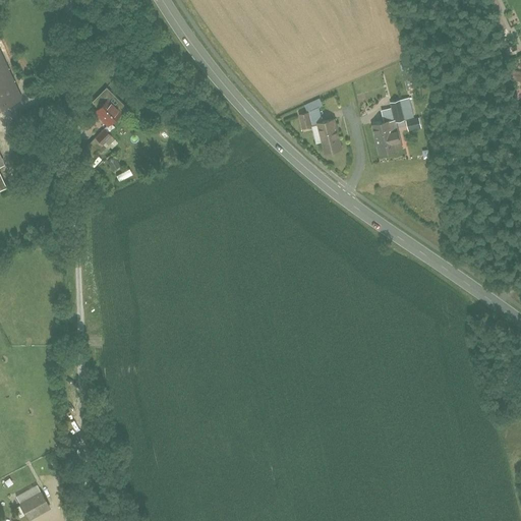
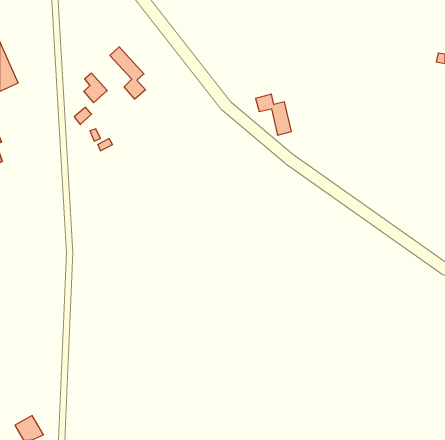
building: none -> [110,47,146,99]
building: [371,100,411,157] -> none

